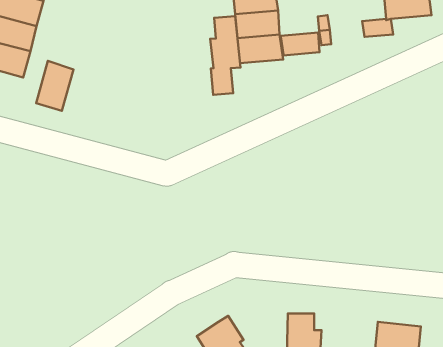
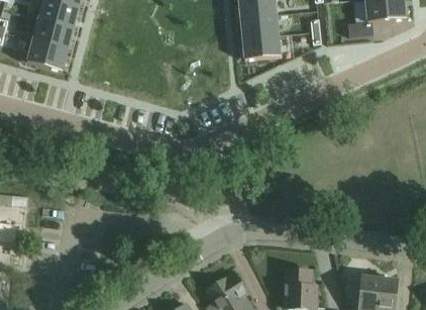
building: [210,16,240,95] -> none
building: [281,33,319,55] -> none
building: [36,61,73,111] -> none

